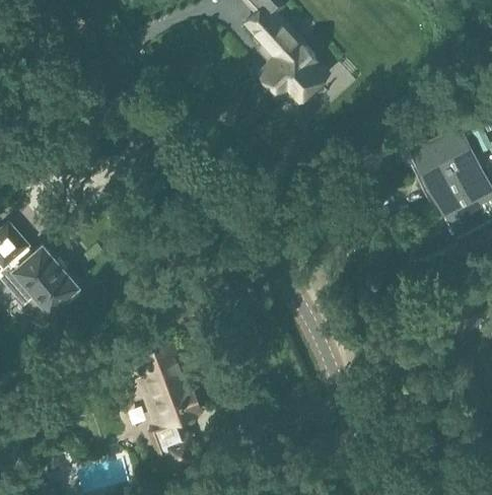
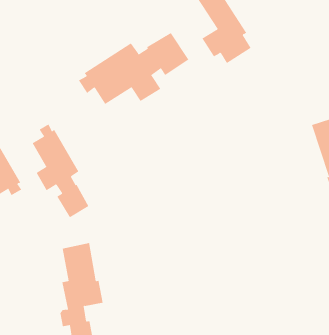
building: none -> [78,32,189,105]
building: none -> [32,123,89,218]

